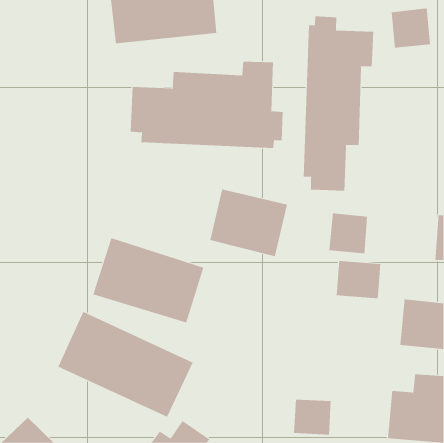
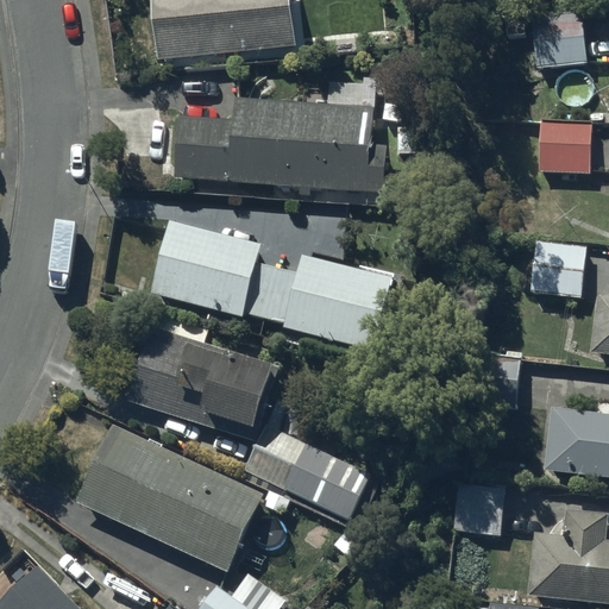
building: [303,16,374,192] -> none
building: none -> [539,120,591,171]
building: none -> [150,218,294,321]
building: [329,213,368,254] -> [532,239,585,295]
building: none -> [241,425,370,526]
building: [293,399,332,435] -> [453,484,506,533]

